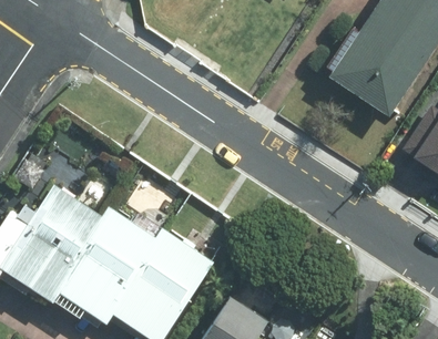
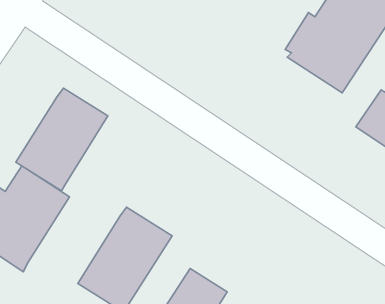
building: [61,210,157,318] -> [16,88,108,191]

